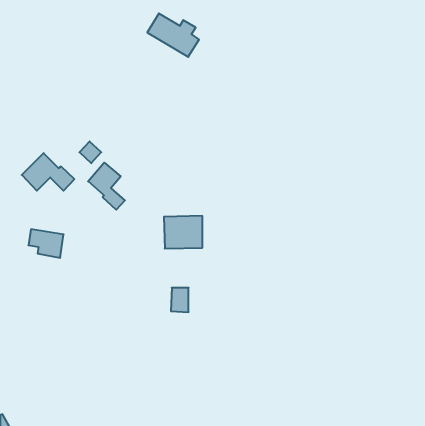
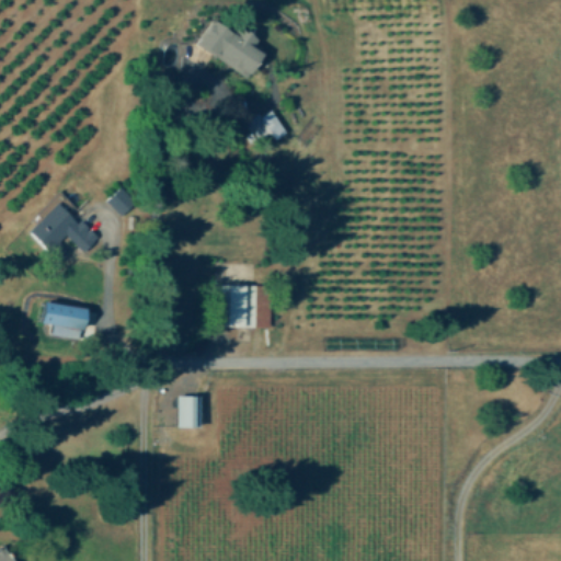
building: none -> [247,108,286,140]
building: [88,163,125,210] -> none
building: [171,288,189,312] -> [179,397,202,428]

